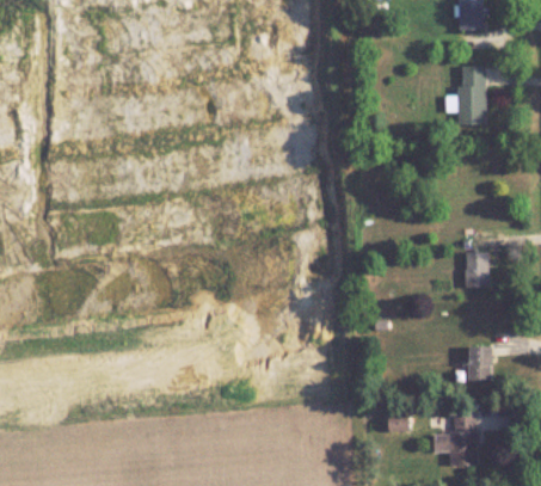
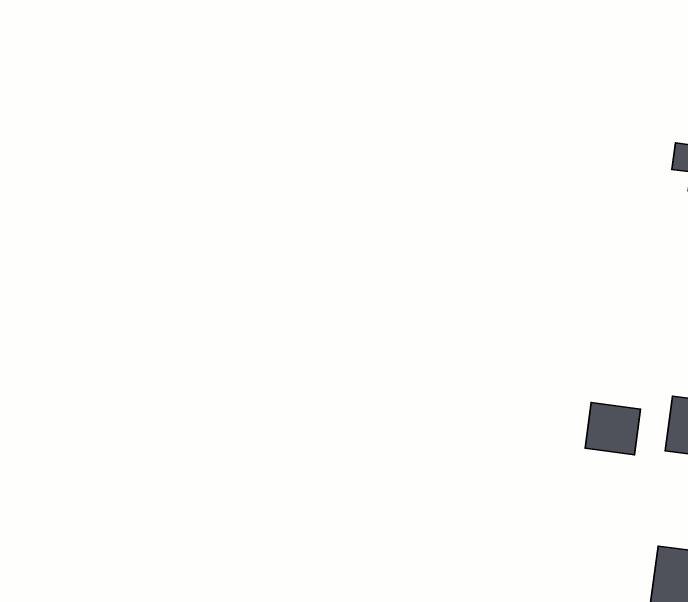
building: none -> [585,403,641,455]

